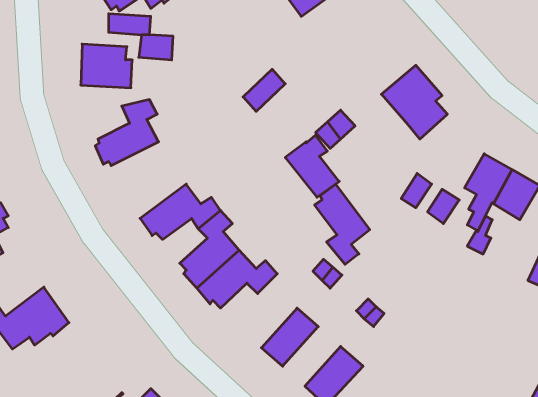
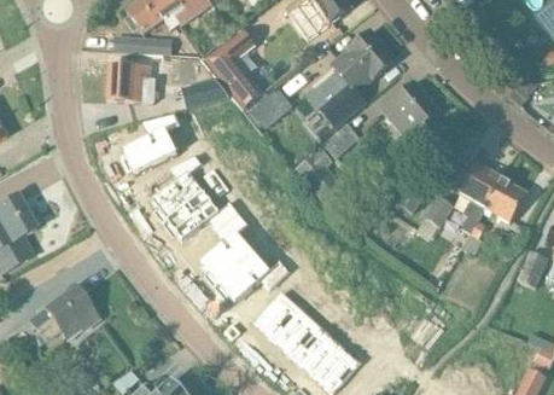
building: none -> [206,30,262,106]
building: none -> [308,30,395,128]
building: none -> [150,156,204,222]
building: [315,184,370,264] -> none
building: none -> [252,285,305,341]
building: none -> [292,321,345,376]

